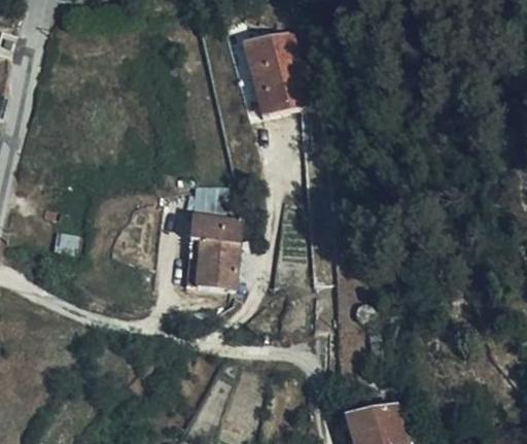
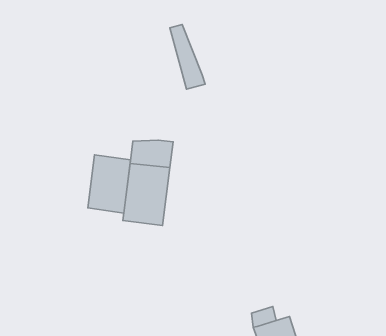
building: [258,32,314,114] -> none
building: none -> [88,155,131,213]

